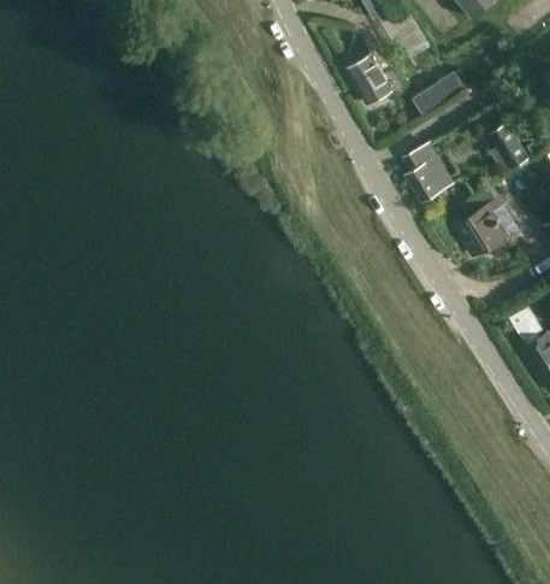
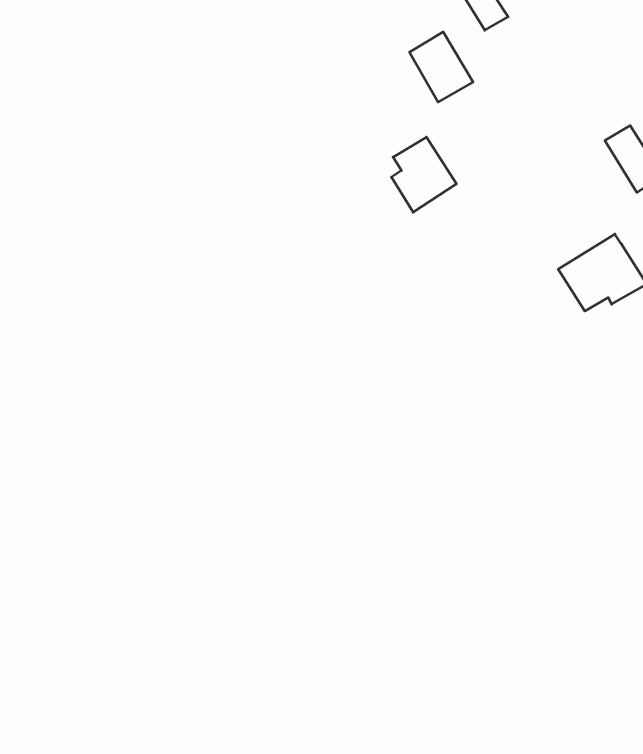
building: [414,70,467,111] -> none
building: [407,144,454,199] -> [391,137,456,212]

